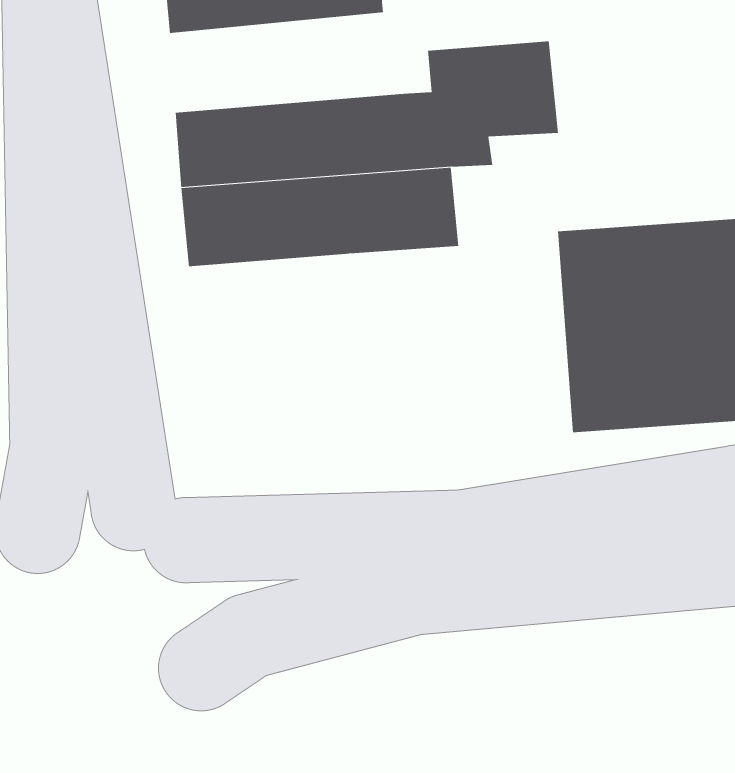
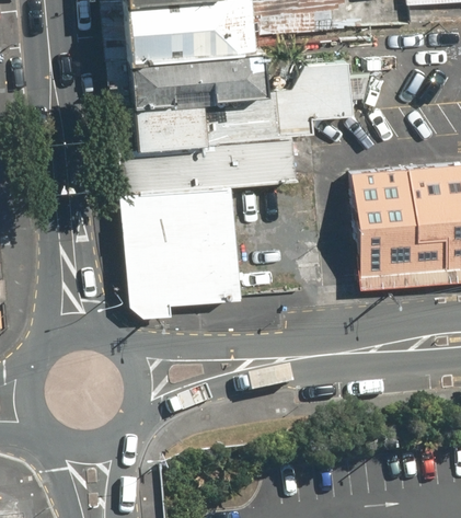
building: none -> [126,44,262,102]
building: none -> [137,184,240,303]

